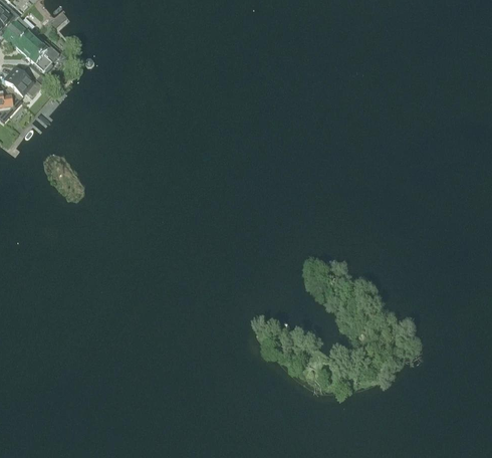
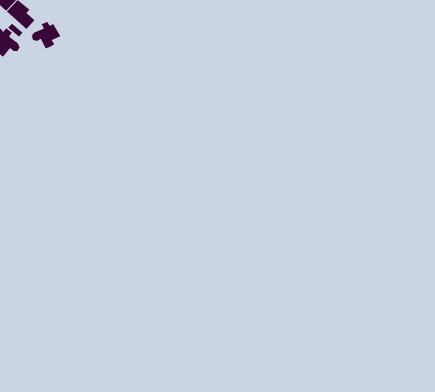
building: none -> [31,20,61,50]

